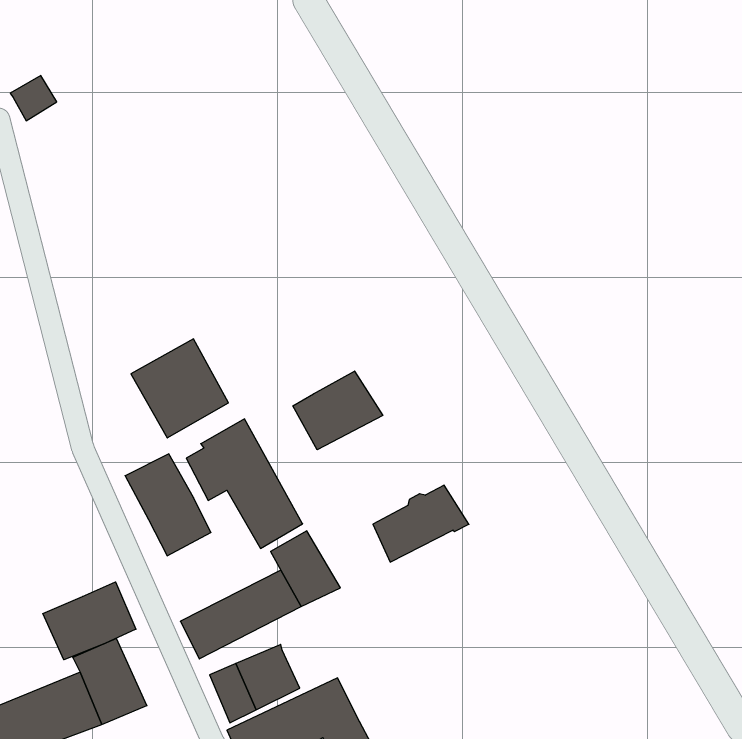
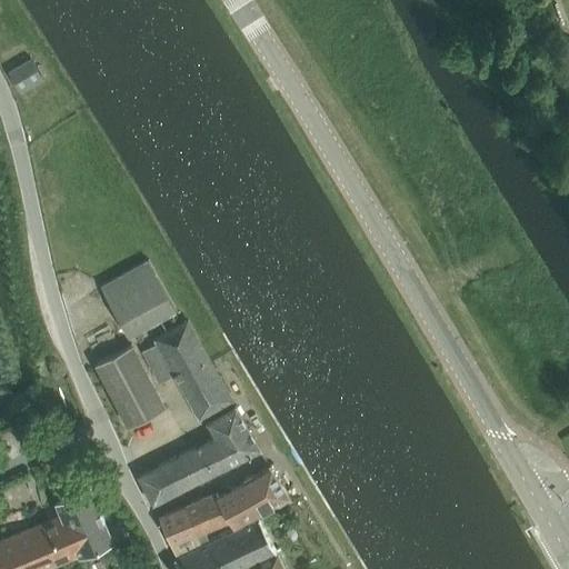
building: [293,371,383,450] -> none
building: [373,485,469,562] -> [216,470,289,529]
building: [43,582,136,660] -> none

